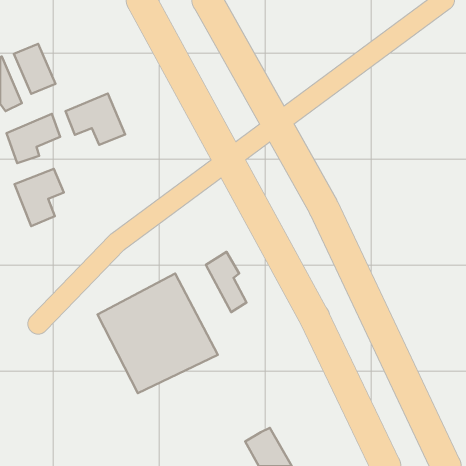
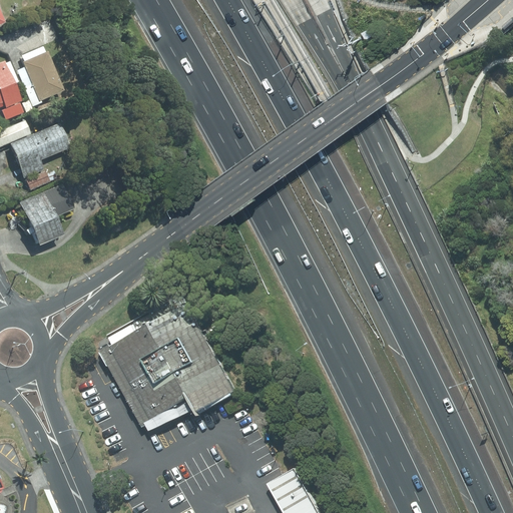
building: [66,93,125,145] -> none
building: [206,252,247,312] -> none

